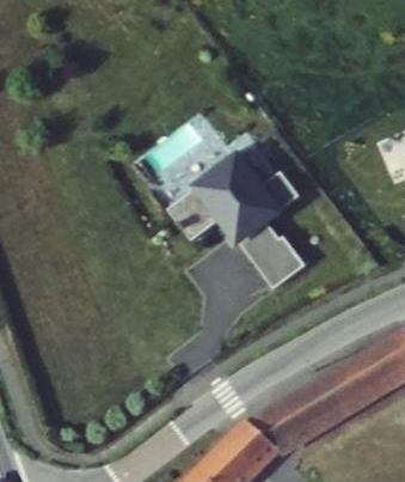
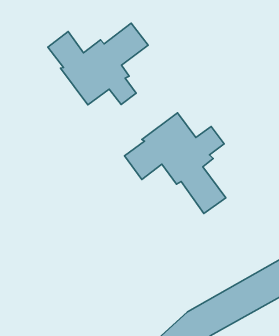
building: none -> [48,23,148,105]

